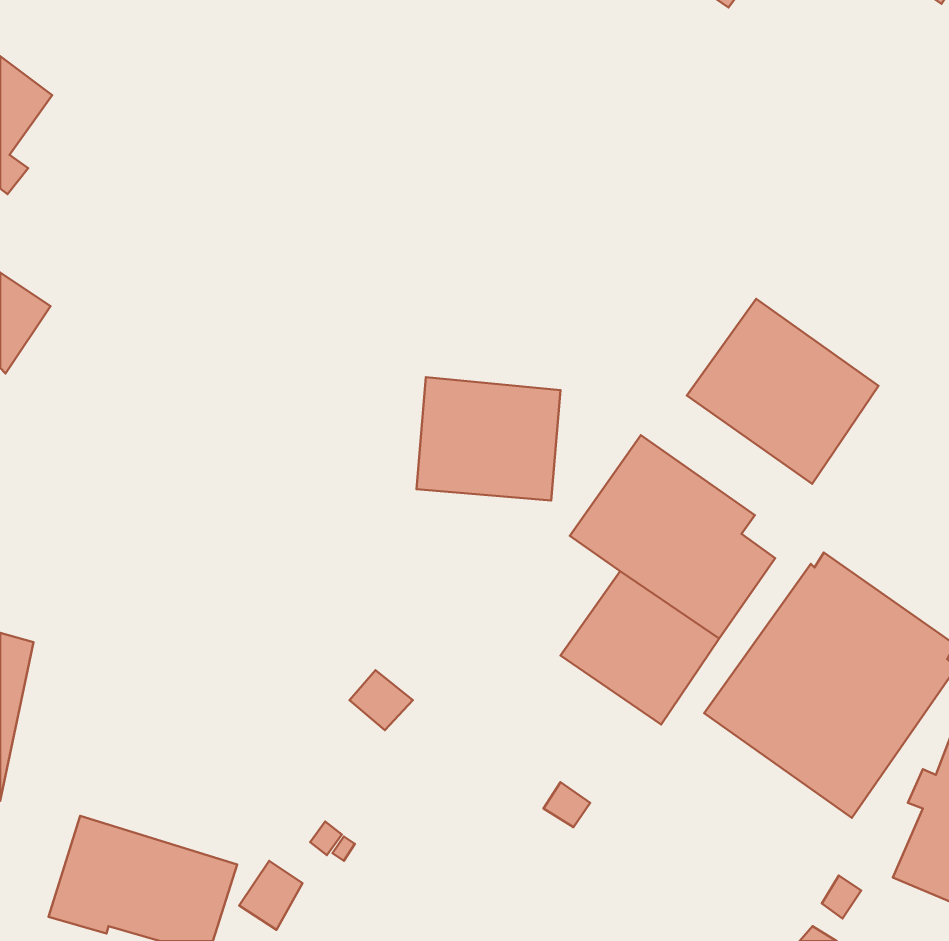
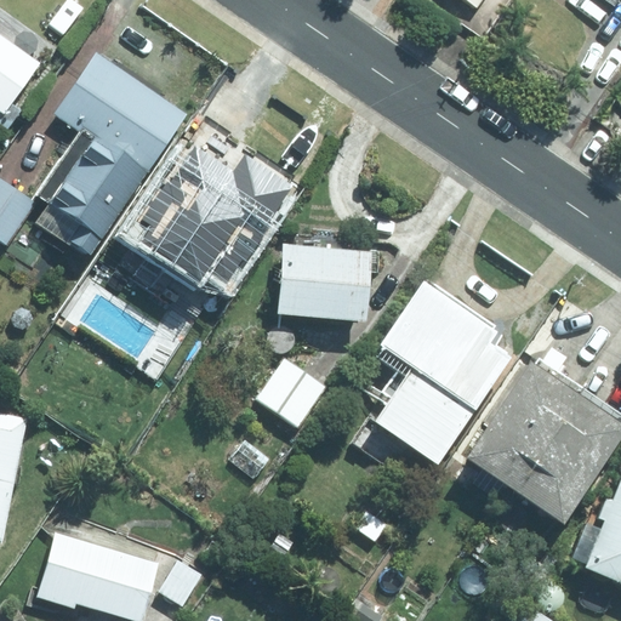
building: none -> [41,51,187,258]
building: none -> [125,148,290,281]
building: [687,299,878,484] -> none
building: none -> [255,353,327,425]

